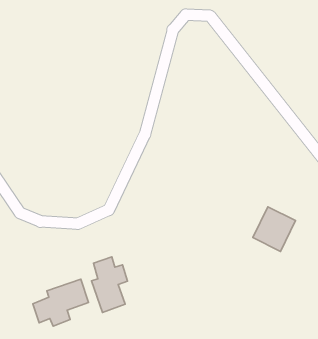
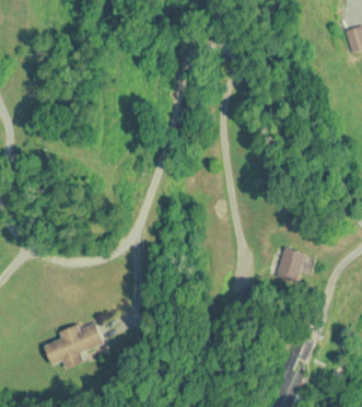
building: [92,257,128,313] -> none

